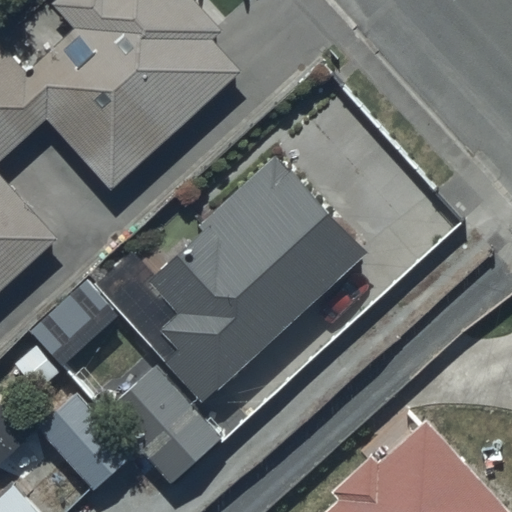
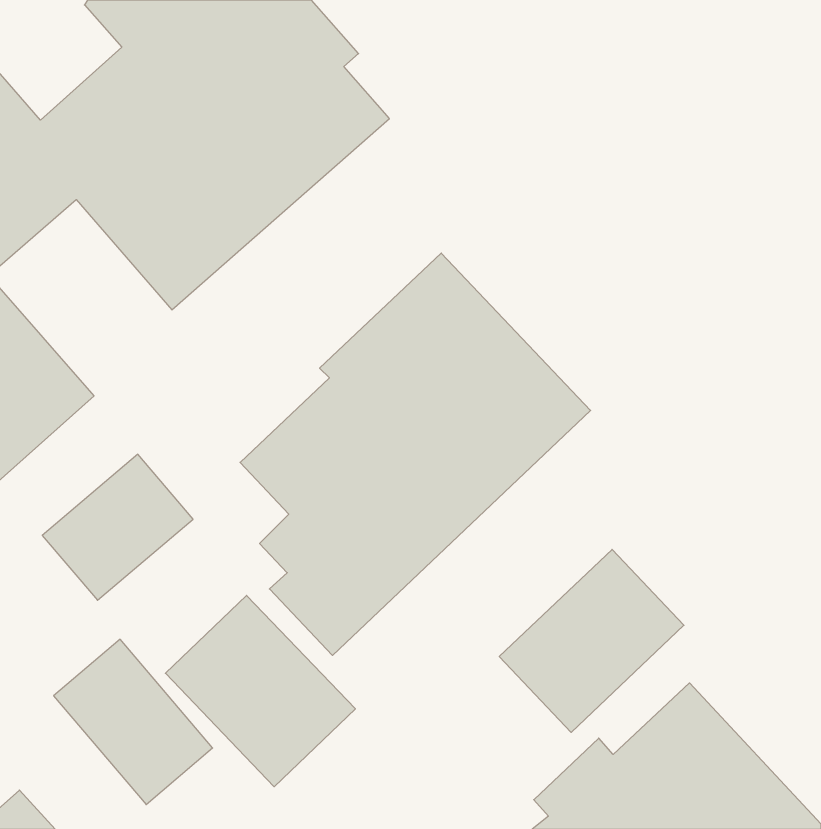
building: none -> [499,549,684,732]

